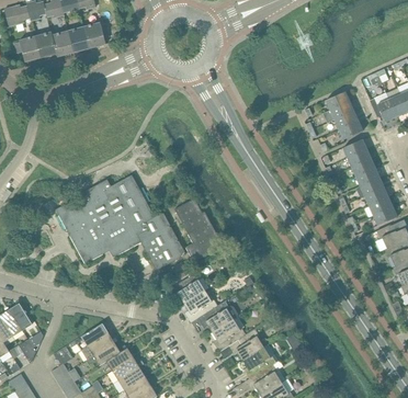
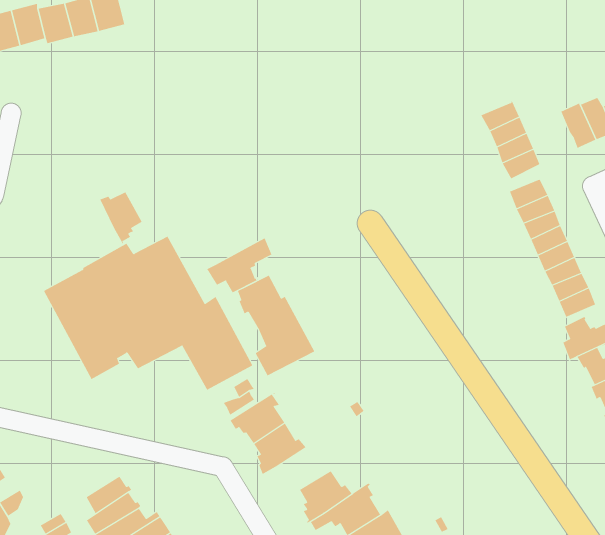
building: none -> [99,191,142,245]
building: none -> [206,237,272,293]
building: [191,299,237,331] -> none

